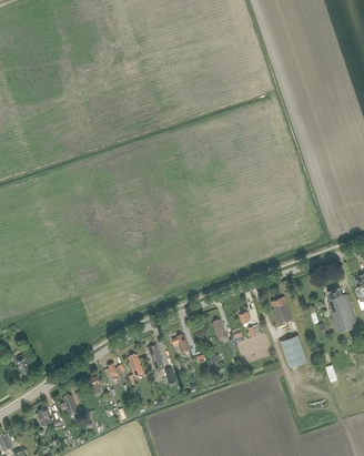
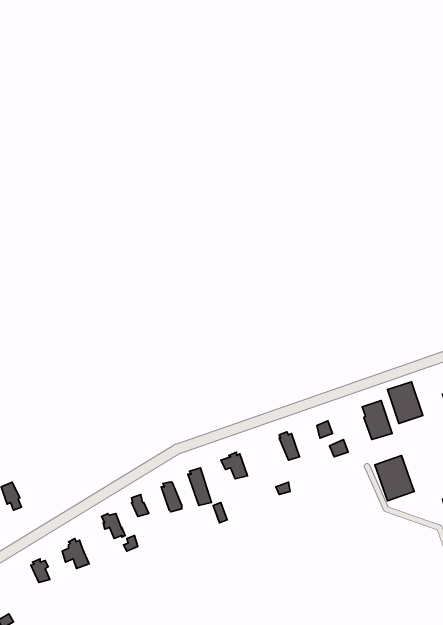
building: none -> [388,382,423,423]

